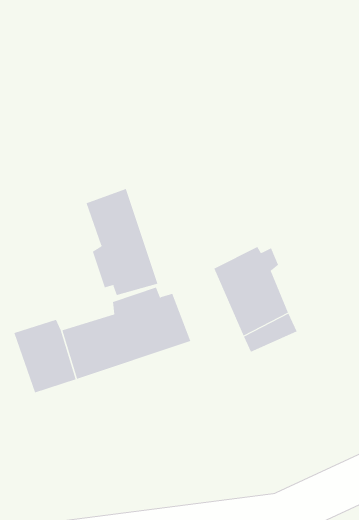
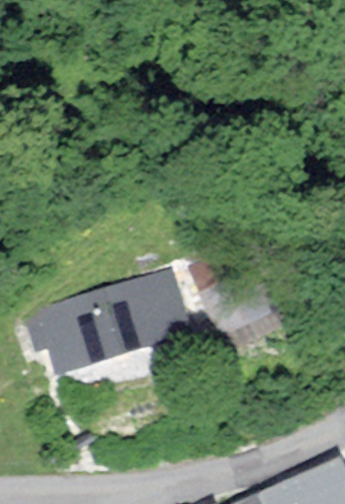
building: [86,188,158,296] -> none

